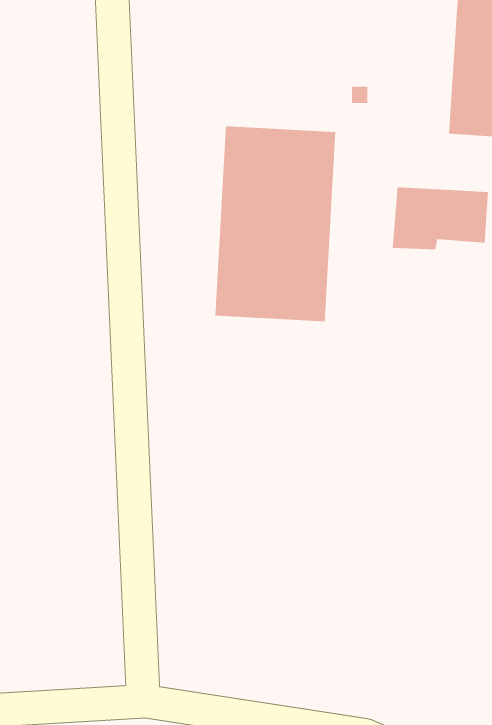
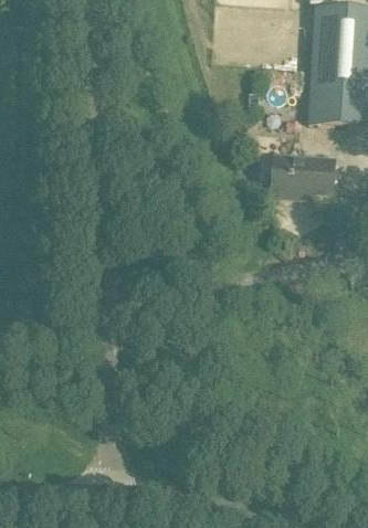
building: [215,125,336,322] -> none

